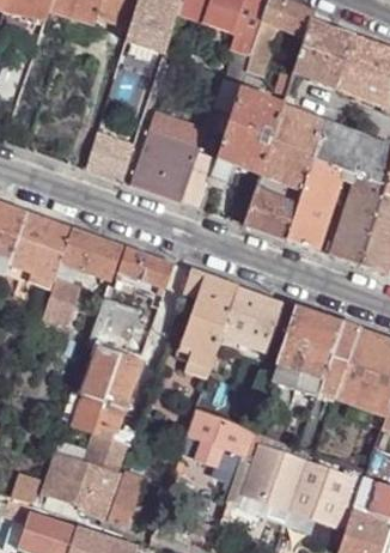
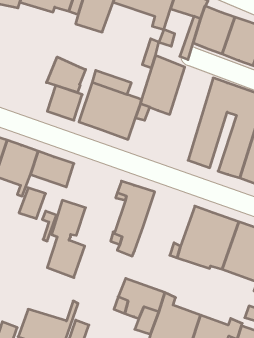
building: none -> [46,57,86,92]
building: [245,105,323,239] -> none
building: [117,245,175,294] -> none
building: [223,285,286,351] -> none
building: [74,394,123,438] -> none

